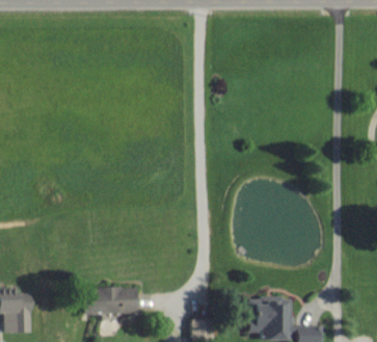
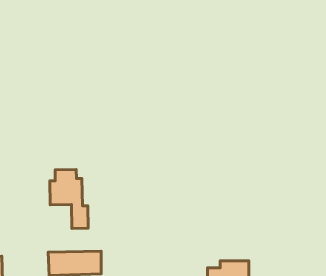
building: none -> [50,170,88,228]

